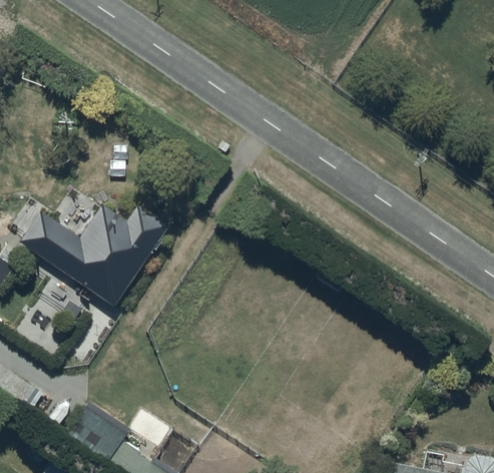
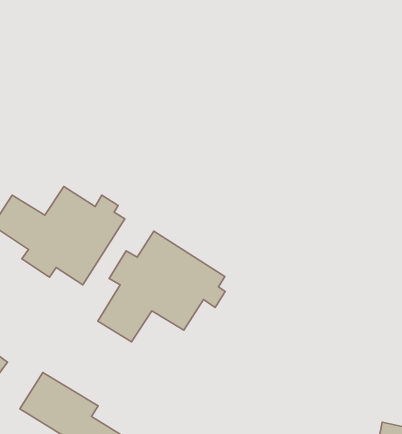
building: none -> [98,231,225,342]

